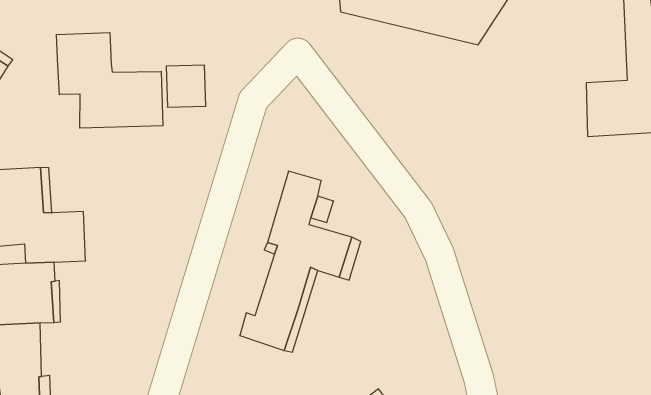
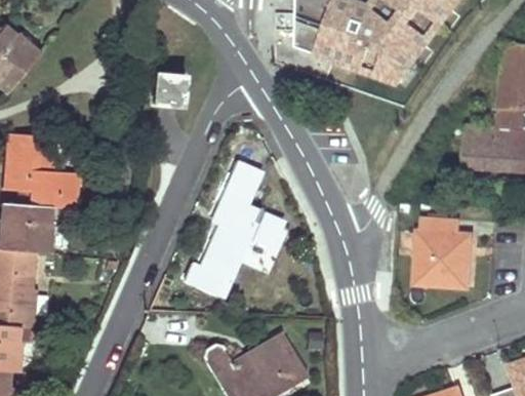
building: [57,33,163,128] -> none
building: none -> [415,215,470,286]

